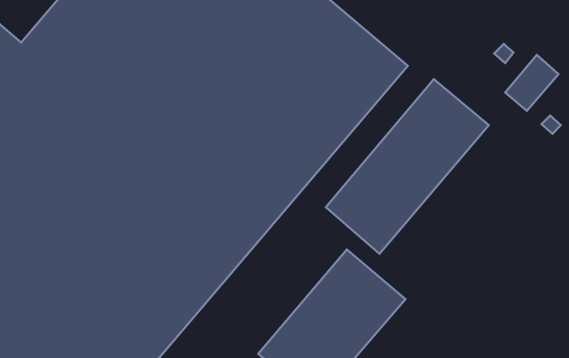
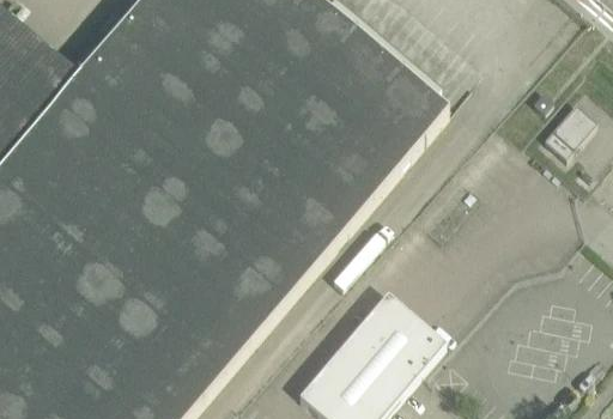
building: [326,79,489,254] -> none

